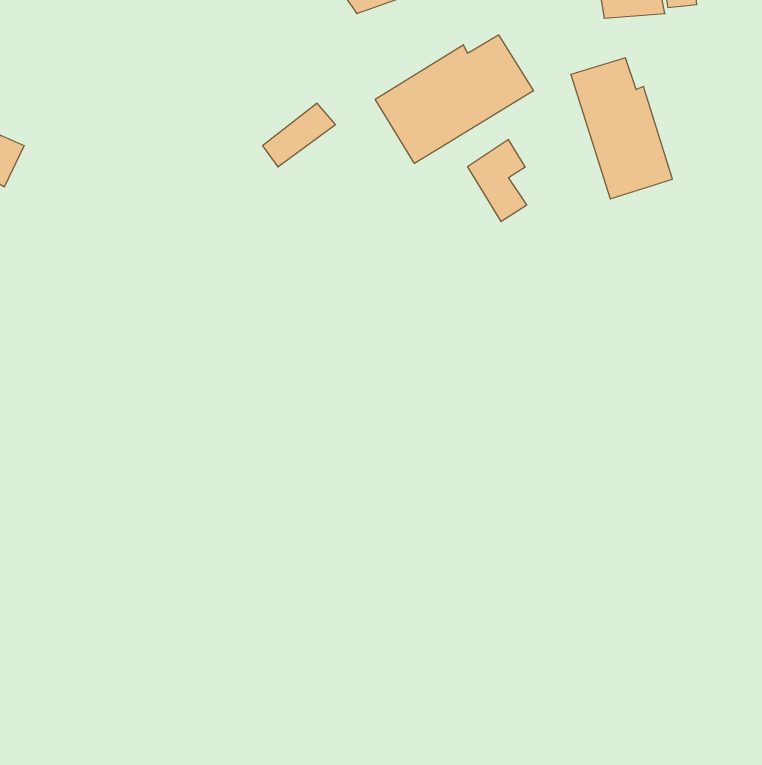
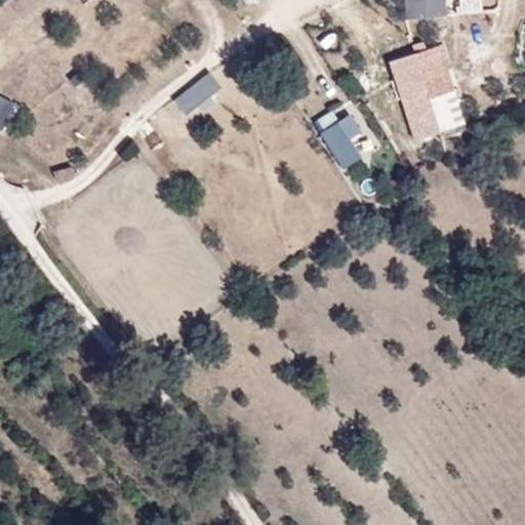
building: [375,35,533,163] -> none

